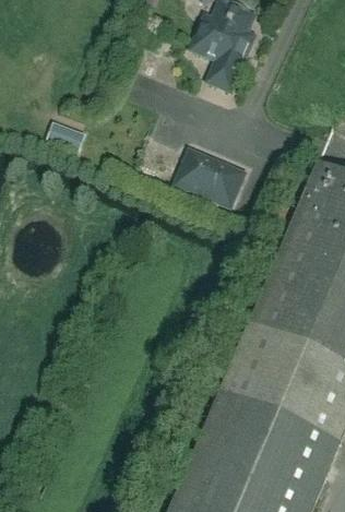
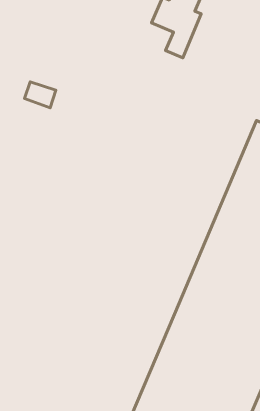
building: [176,150,241,203] -> none

